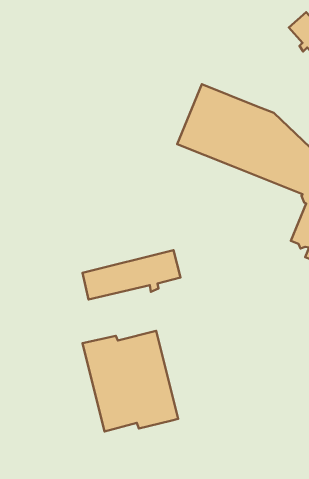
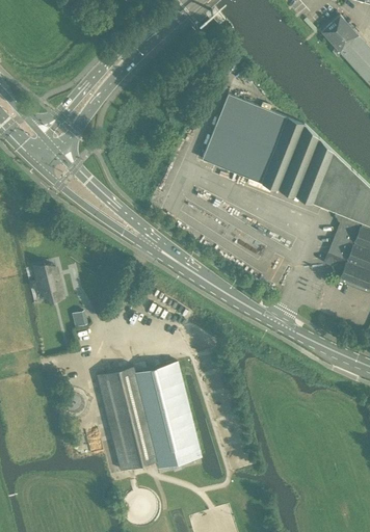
building: none -> [34,265,62,299]
building: [82,250,181,300] -> none

